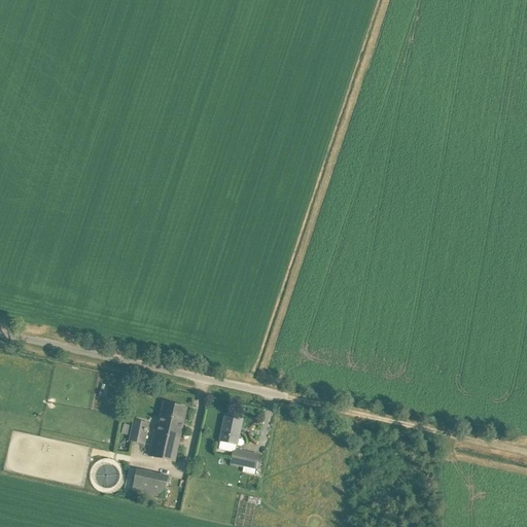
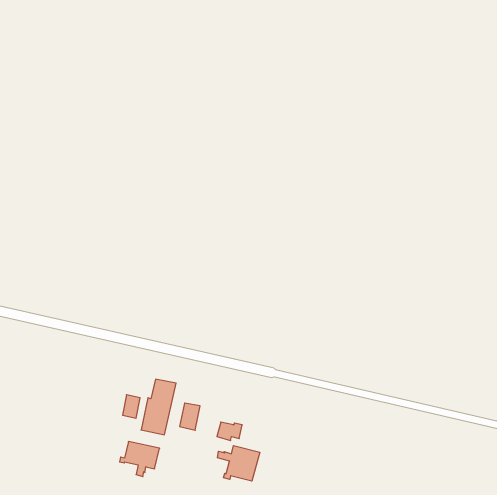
building: [220,415,242,444] -> [180,403,200,430]
building: none -> [217,446,260,481]

